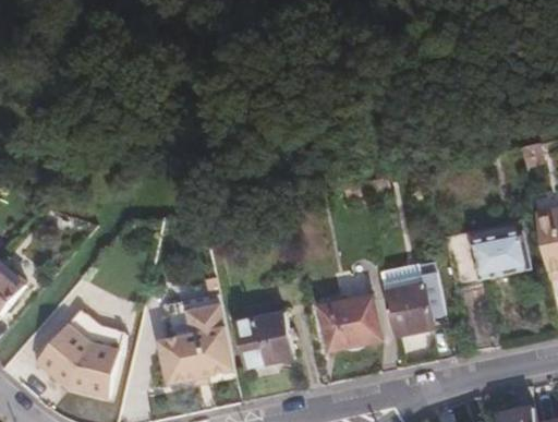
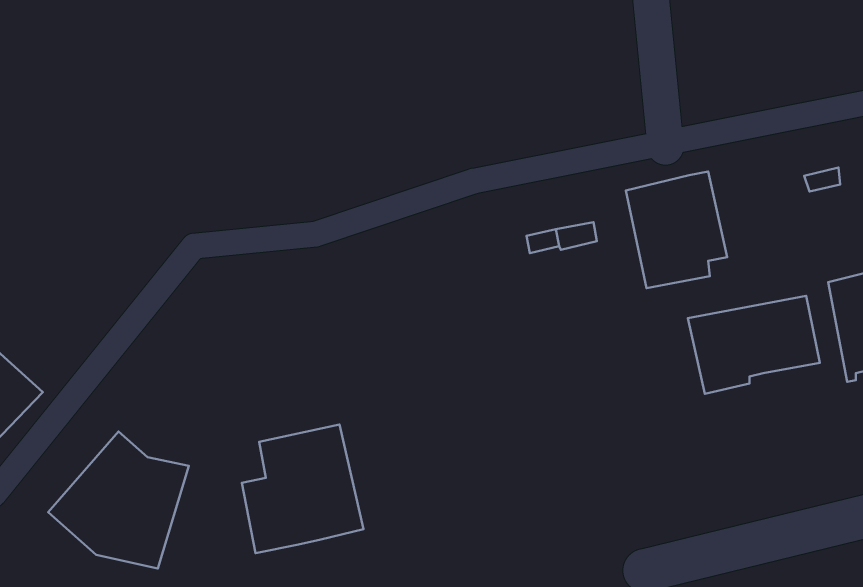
building: [379,262,444,336] -> [626,172,727,288]
building: [320,297,377,351] -> none
building: [242,315,296,370] -> none

